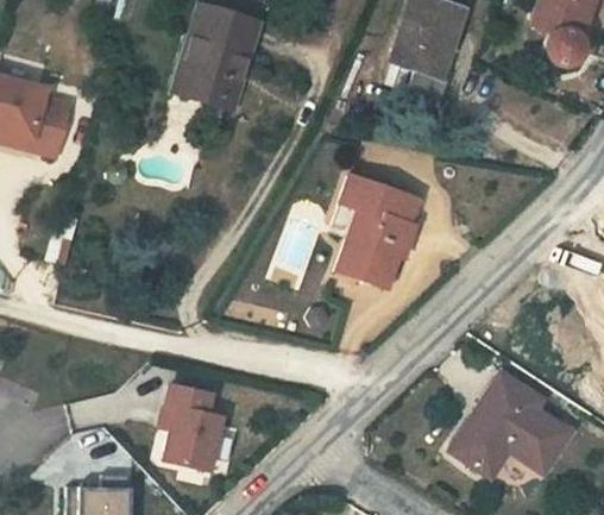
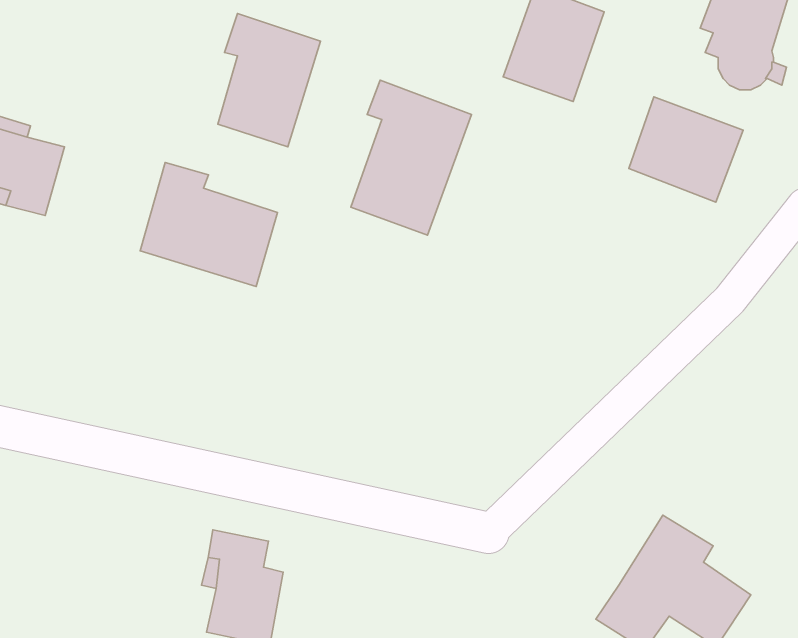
building: none -> [629,97,743,202]
building: none -> [140,163,278,287]
building: [335,172,423,285] -> [351,80,472,235]

